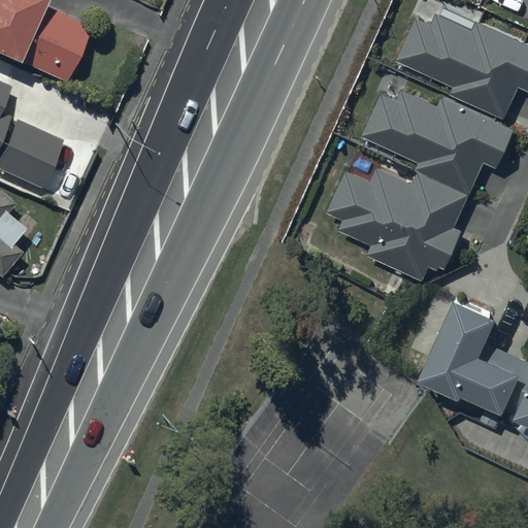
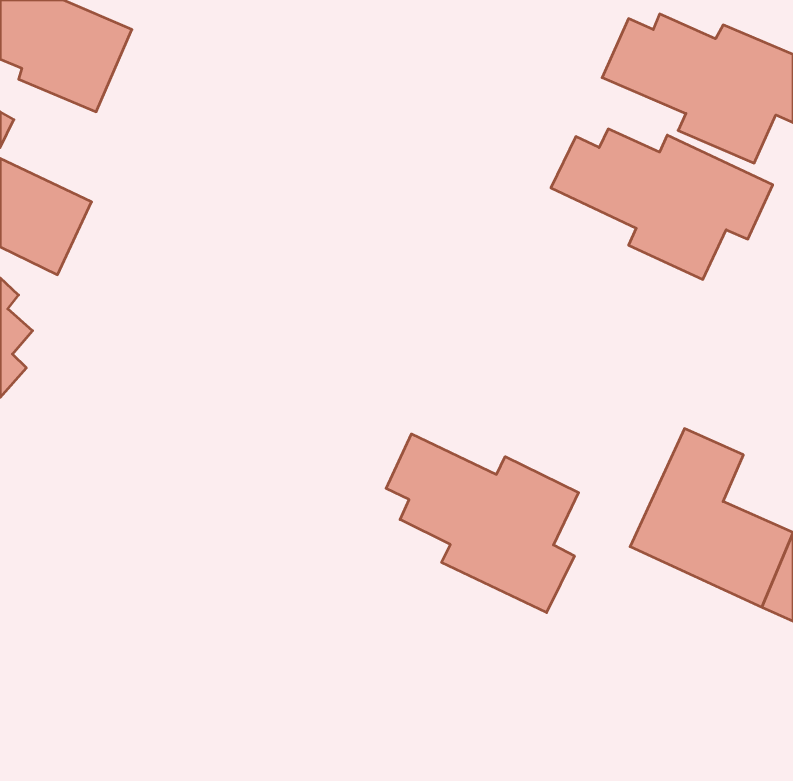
building: [332,174,466,282] -> none
building: none -> [386,434,579,613]

